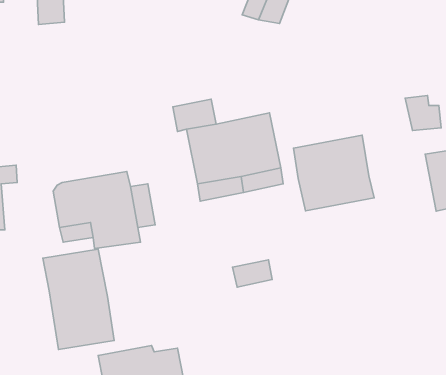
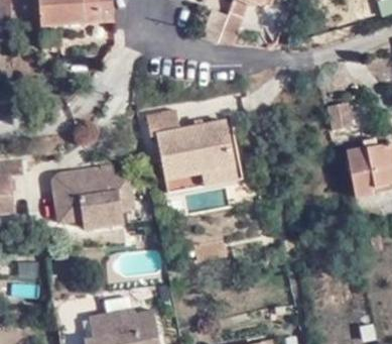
building: [293,135,374,211] -> none
building: [43,249,114,350] -> none

